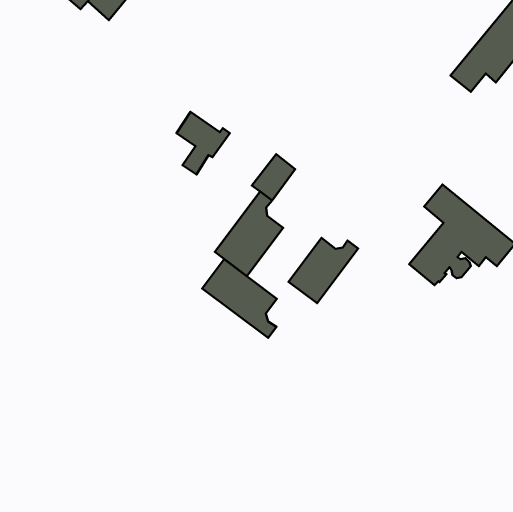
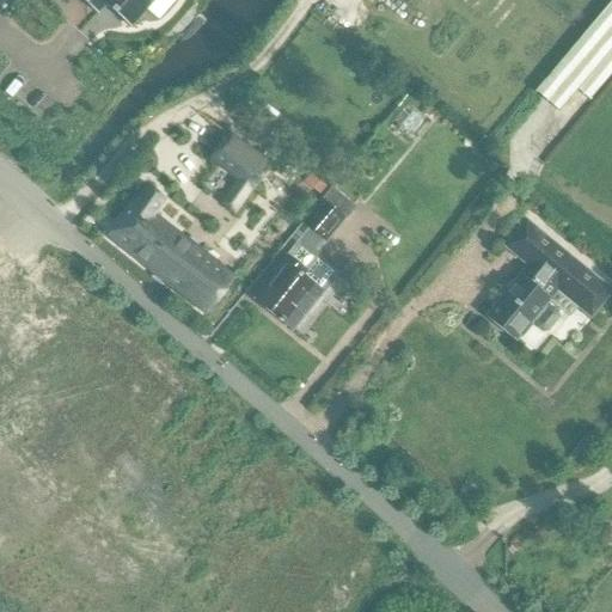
building: none -> [108,185,233,312]
building: [289,238,358,303] -> none
building: [202,259,277,338] -> none

